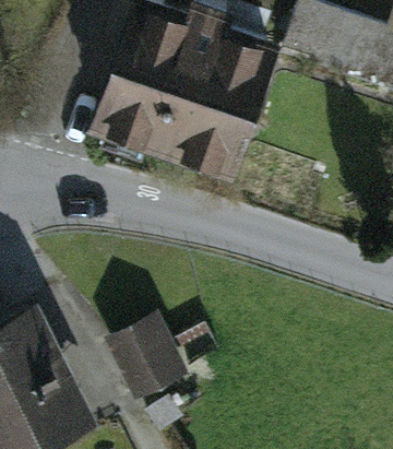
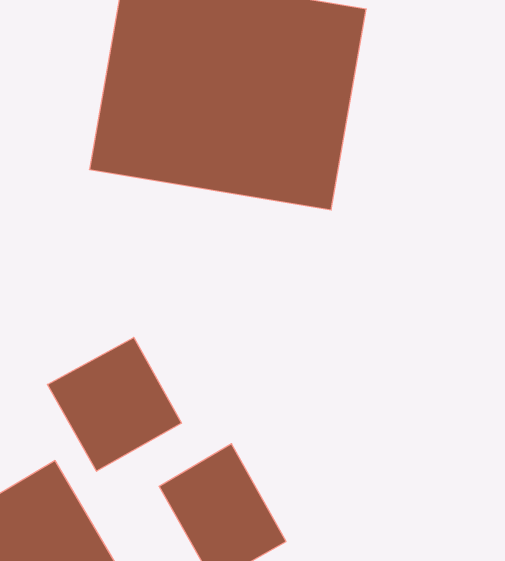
building: none -> [47,337,181,471]

